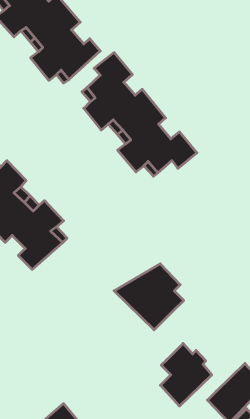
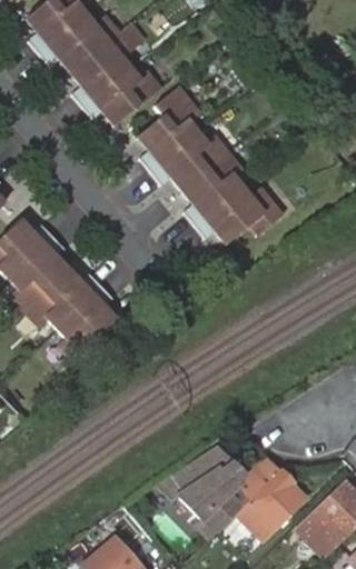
building: [114,264,184,330] -> [161,450,250,535]

